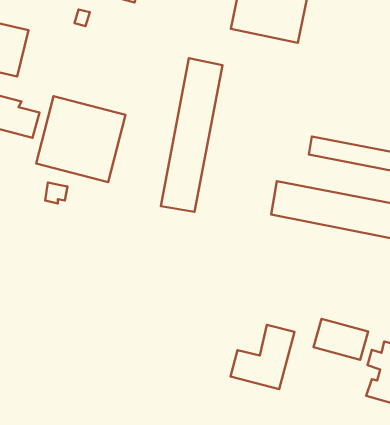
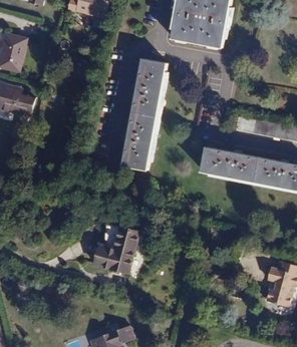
building: [36,96,125,182] -> none
building: [313,319,368,360] -> none
building: [230,325,295,389] -> [91,226,137,272]

